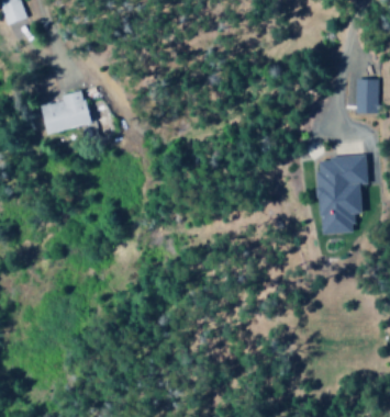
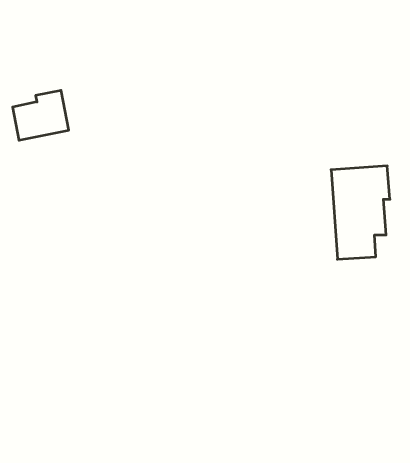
building: [355,79,378,114] -> none

